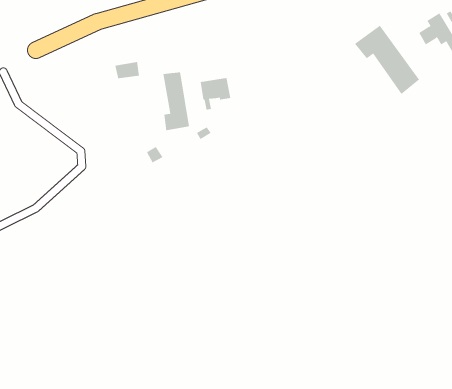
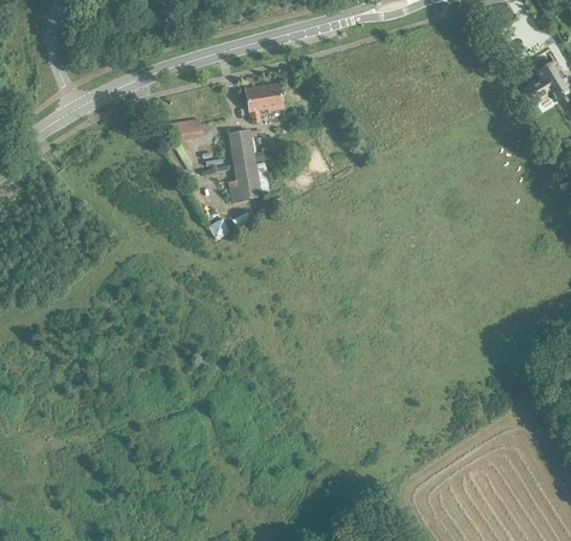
building: [354,25,420,95] -> none
building: [200,78,231,110] -> [246,83,283,122]

